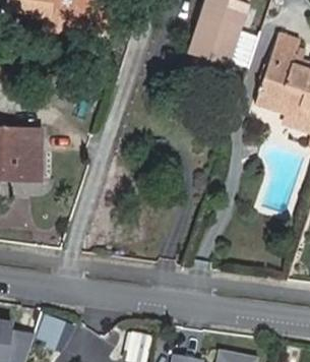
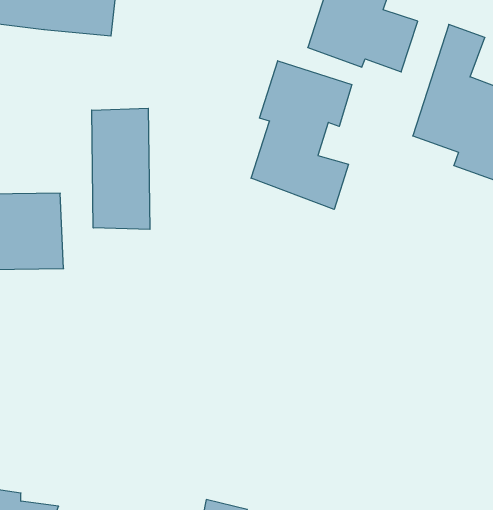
building: none -> [251,61,352,209]
building: none -> [92,108,150,229]

